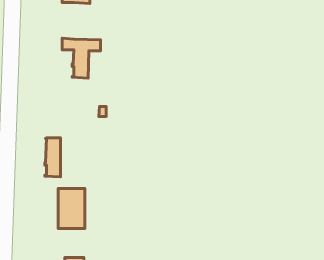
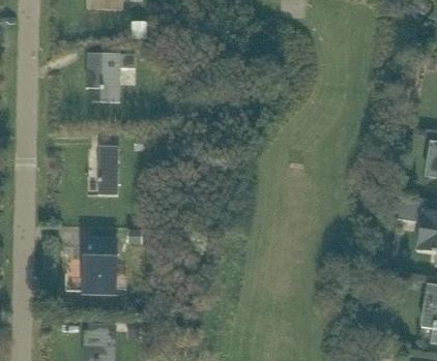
building: [45,138,61,177] -> [97,147,117,195]

